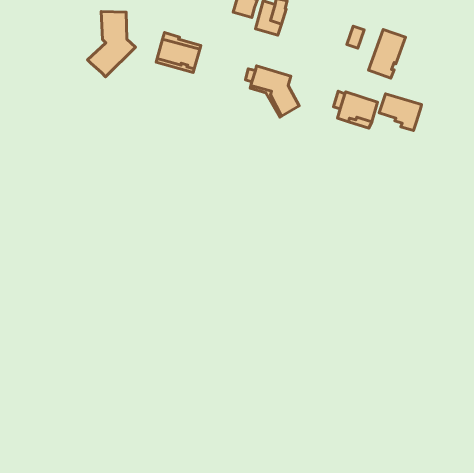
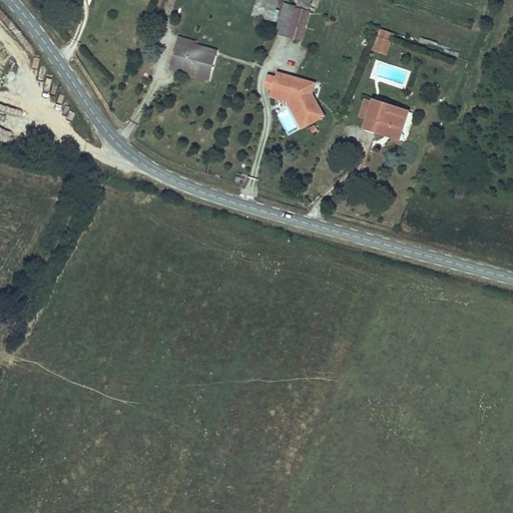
building: [87,11,135,77] -> none
building: [369,30,405,78] -> none
building: [379,94,421,131] -> none

